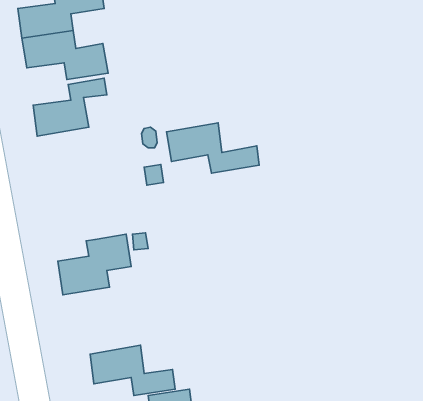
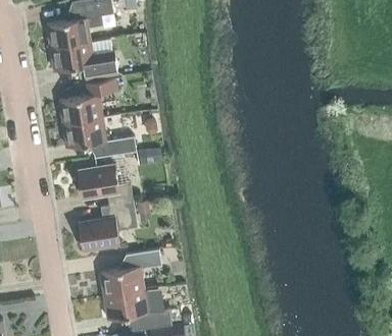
building: [166,123,259,173] -> [61,117,135,157]
building: none -> [77,165,132,206]
building: none -> [99,248,161,296]

